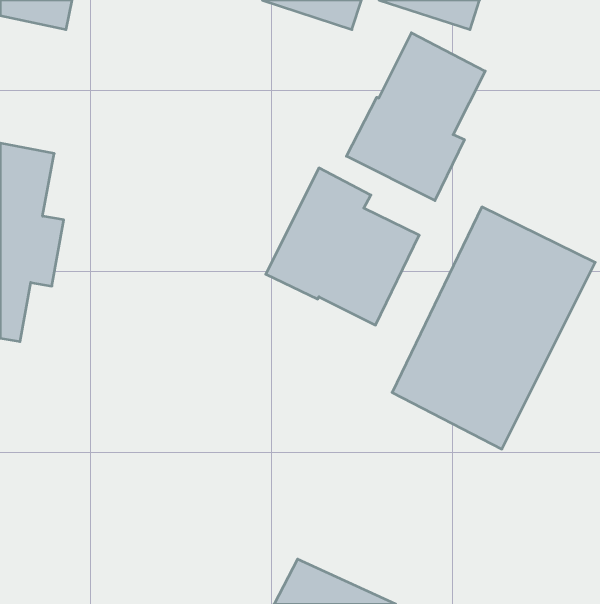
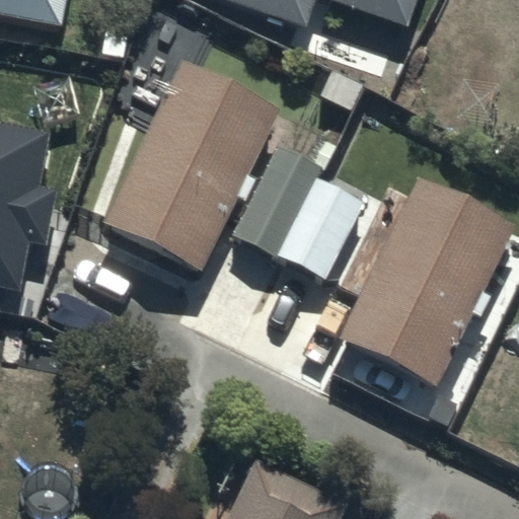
building: [346,33,485,201] -> none
building: none -> [102,61,279,269]

